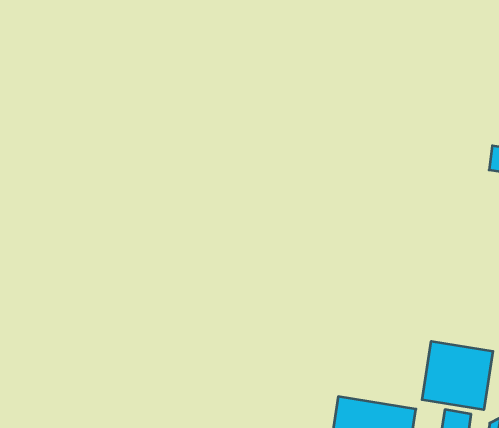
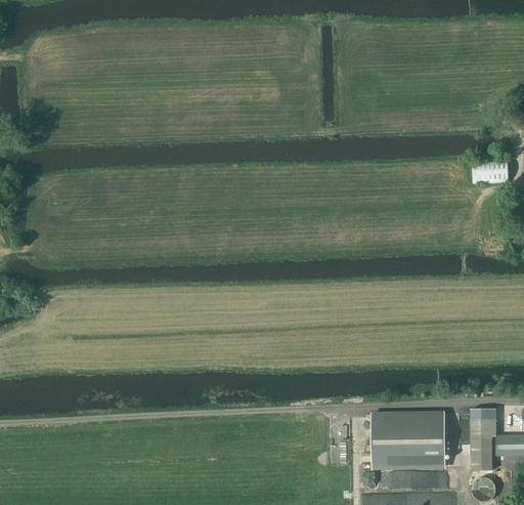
building: [422,341,493,410] -> none

